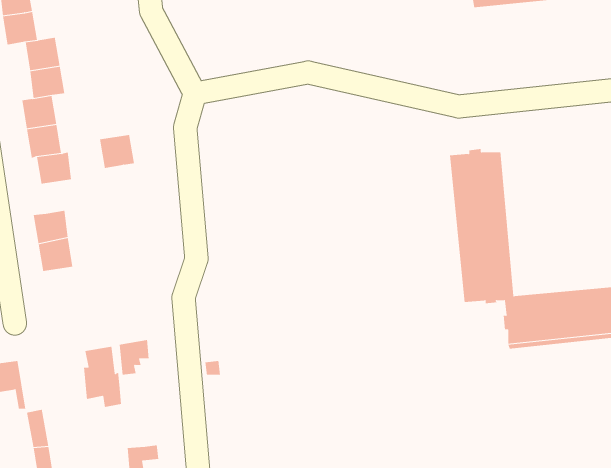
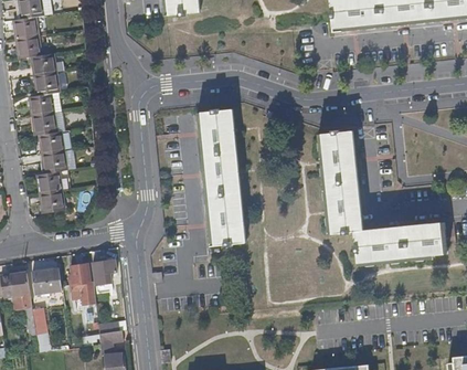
building: none -> [198,106,246,245]
building: [99,134,135,168] -> [41,148,65,171]
building: none -> [31,267,61,294]

